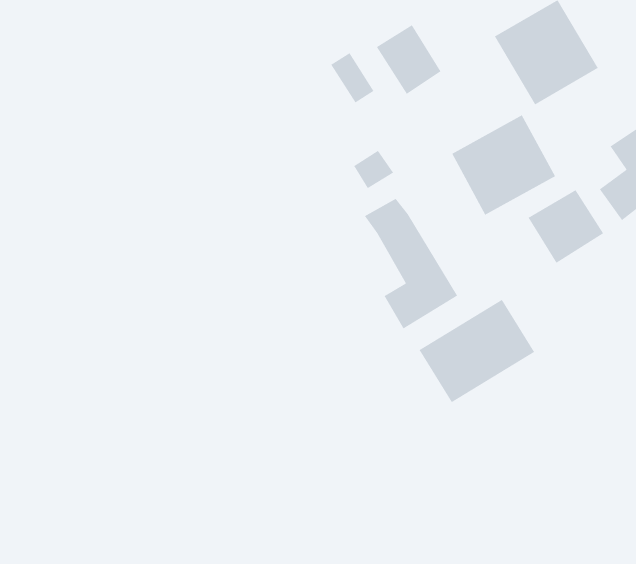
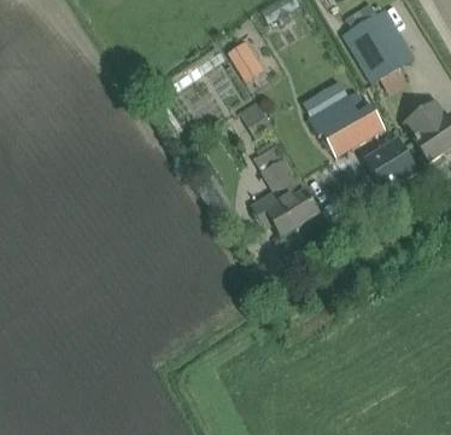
building: [376,24,442,95] -> none
building: [418,299,535,403] -> none

